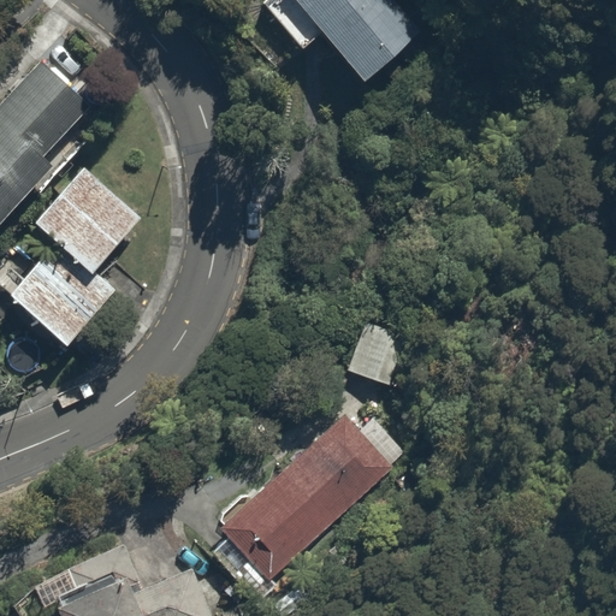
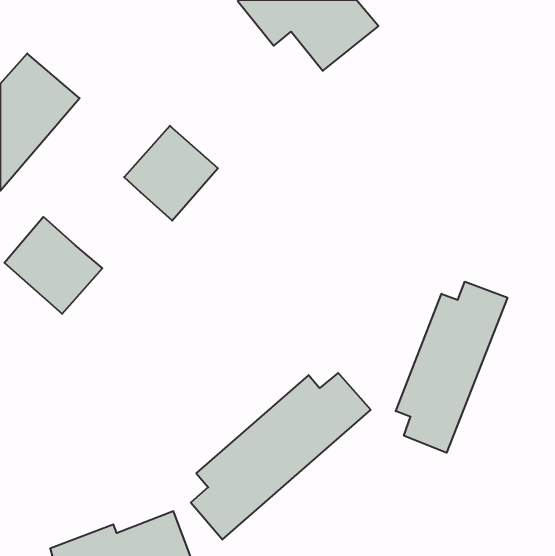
building: [32,167,136,272] -> [124,126,218,221]
building: none -> [396,282,507,453]
building: [344,315,411,389] -> none

